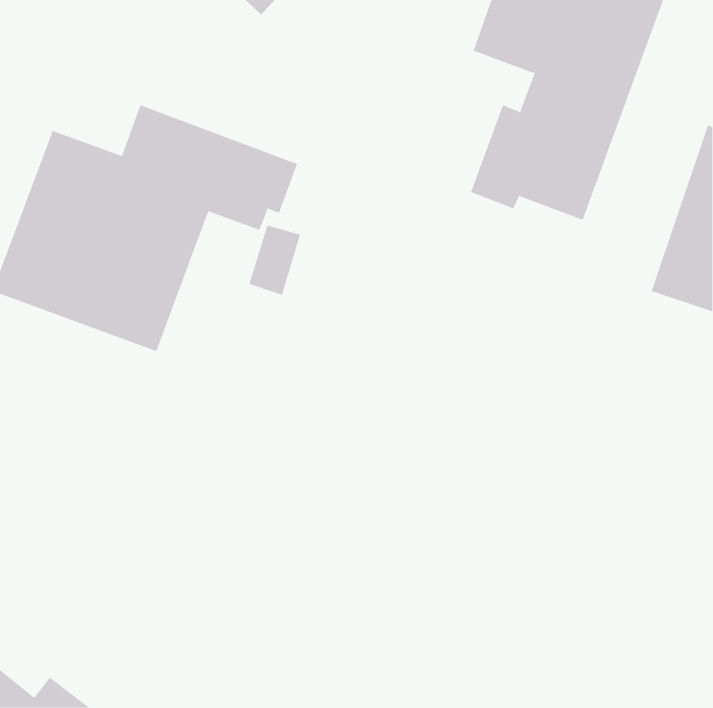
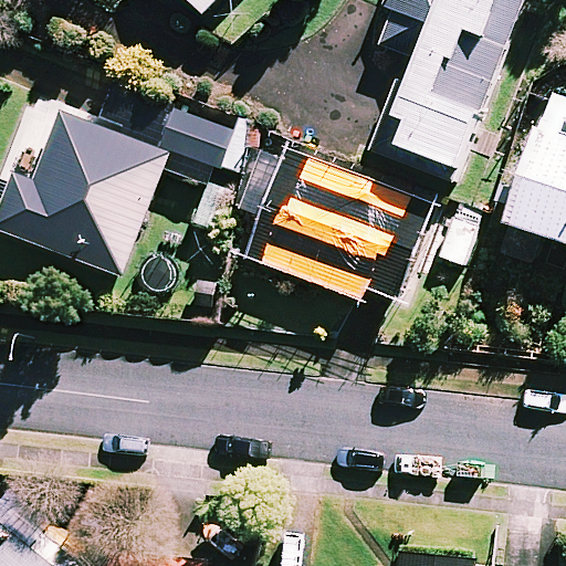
building: none -> [240,142,431,308]

